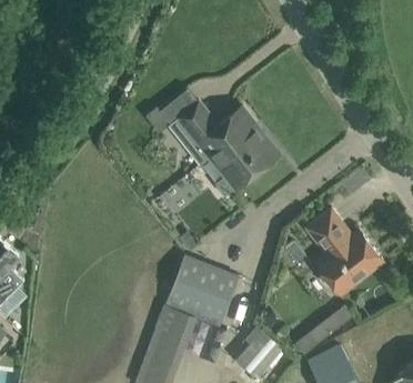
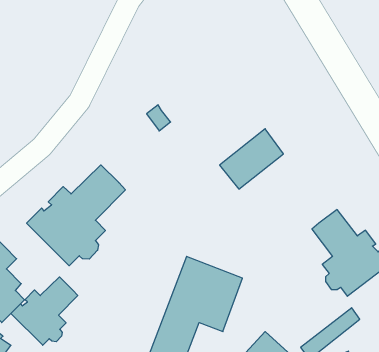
building: [169,101,261,165] -> none
building: none -> [27,165,125,266]
building: none -> [11,277,78,345]

